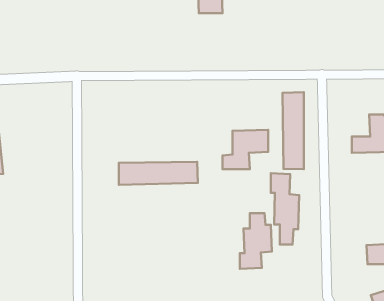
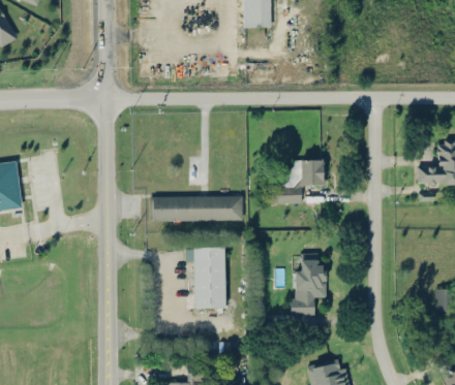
building: [283,92,304,169] -> none
building: [271,173,299,244] -> none
building: none -> [186,248,225,310]

